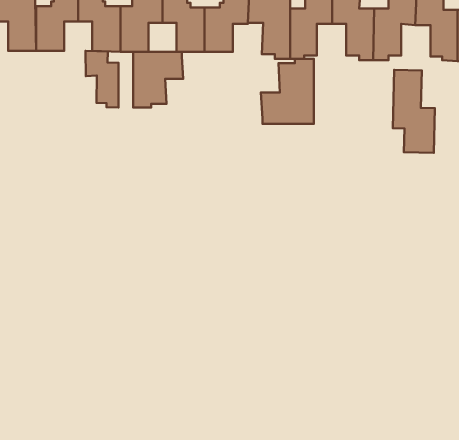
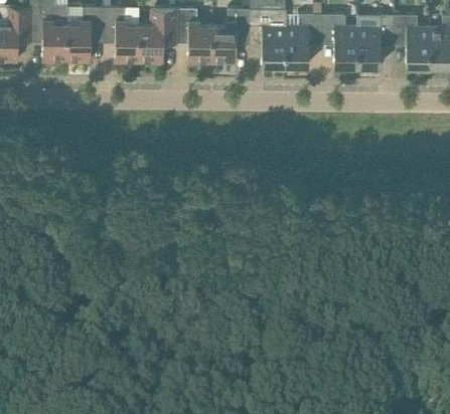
building: [85,51,119,108] -> none
building: [133,52,183,107] -> none
building: [261,59,314,124] -> none
building: [393,70,435,153] -> none

